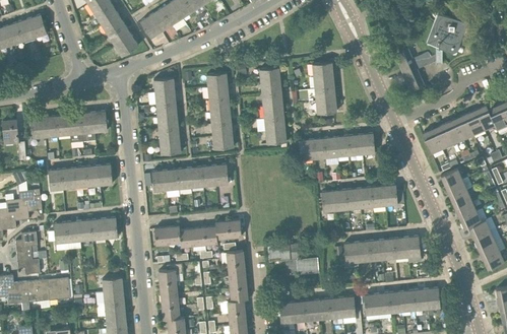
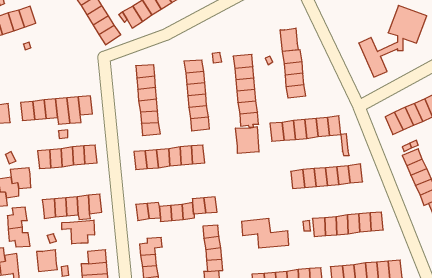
building: none -> [280,28,298,52]
building: none -> [236,127,259,153]
building: none -> [62,220,94,244]
building: [26,279,50,303] -> none

